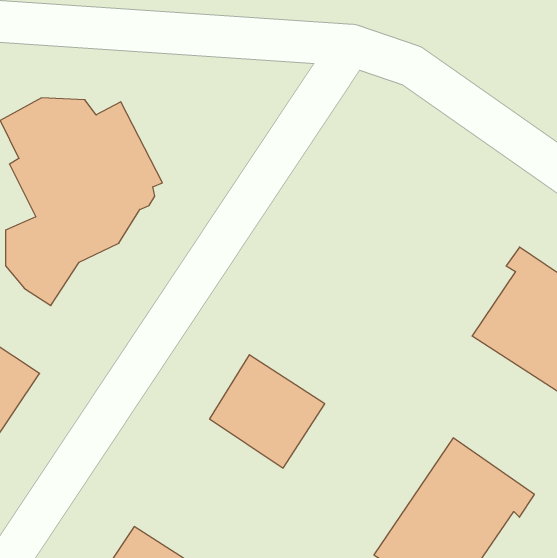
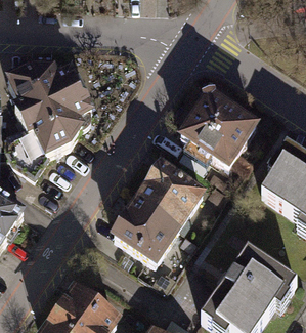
building: none -> [181,94,257,164]
building: none -> [137,163,202,225]

